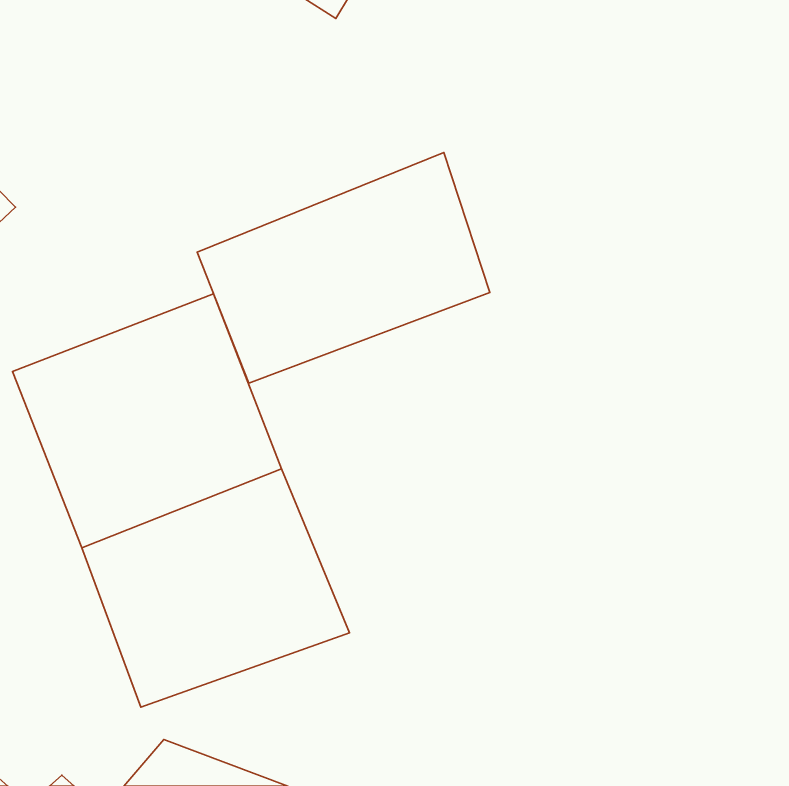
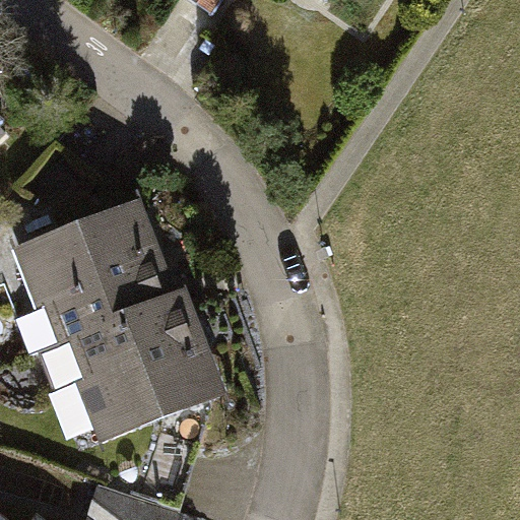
building: [197,153,490,383] -> none

